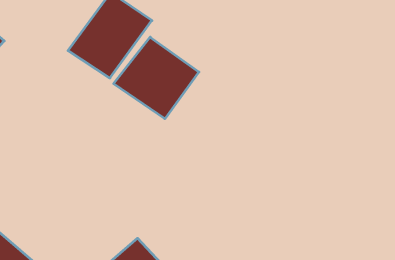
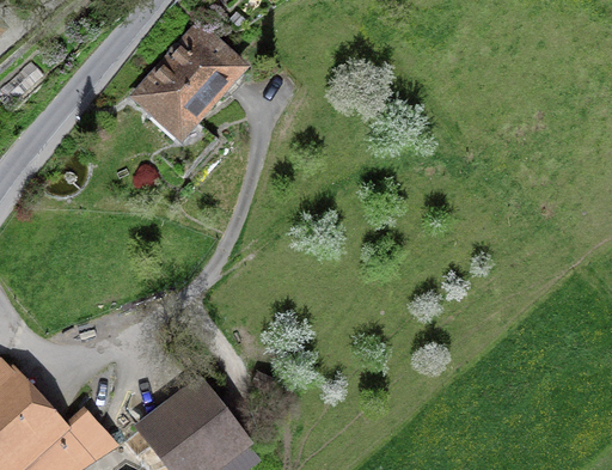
building: [114,37,199,119] -> none

